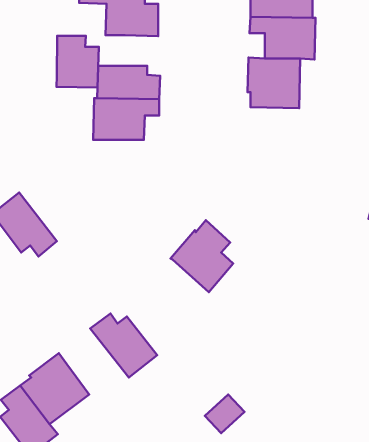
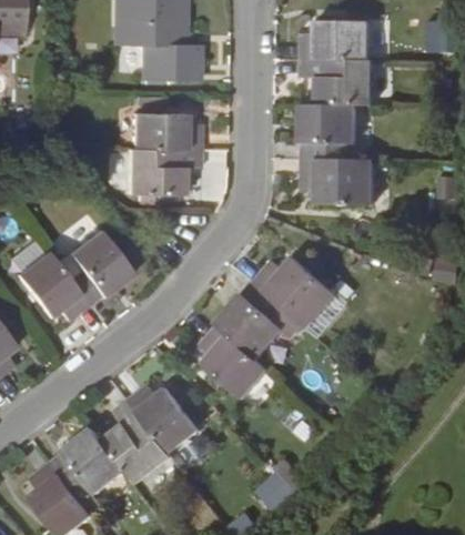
building: [56,36,99,88] -> none
building: none -> [301,158,372,204]
building: none -> [57,229,133,304]
building: none -> [252,256,335,327]
building: none -> [199,324,265,397]
building: none -> [100,400,170,484]

